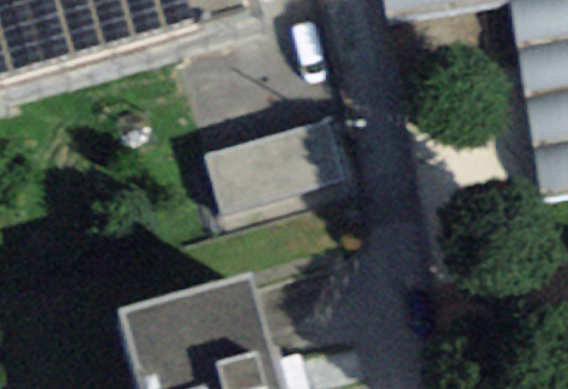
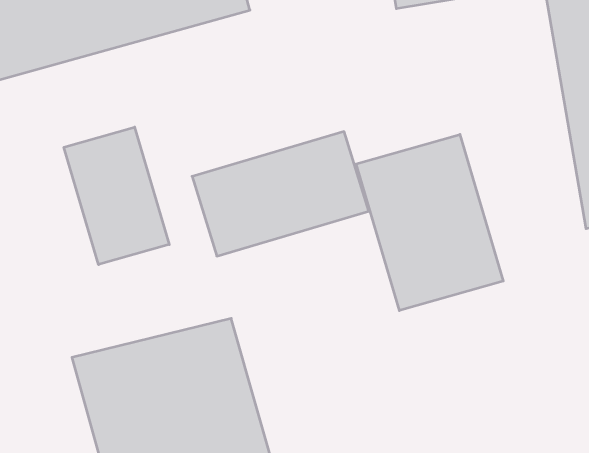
building: none -> [64,127,169,265]
building: none -> [356,134,503,311]

